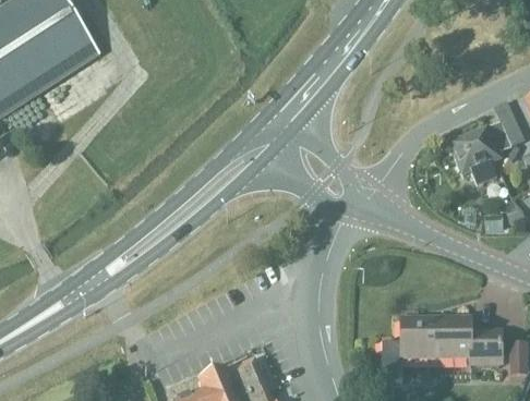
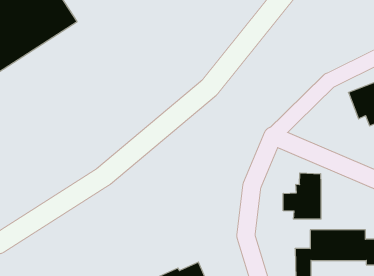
building: none -> [283,173,321,219]

